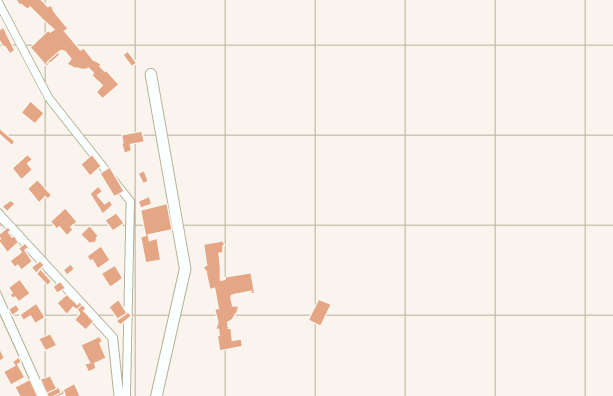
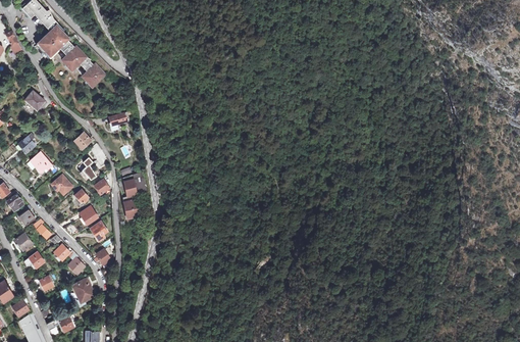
building: [203,241,255,351] -> none

